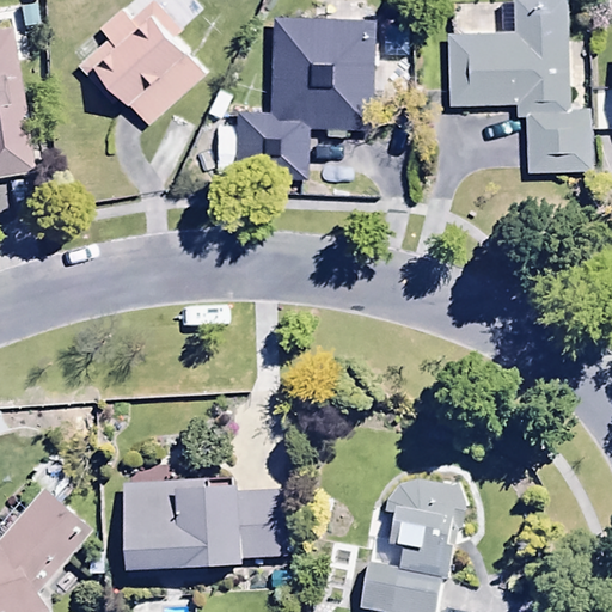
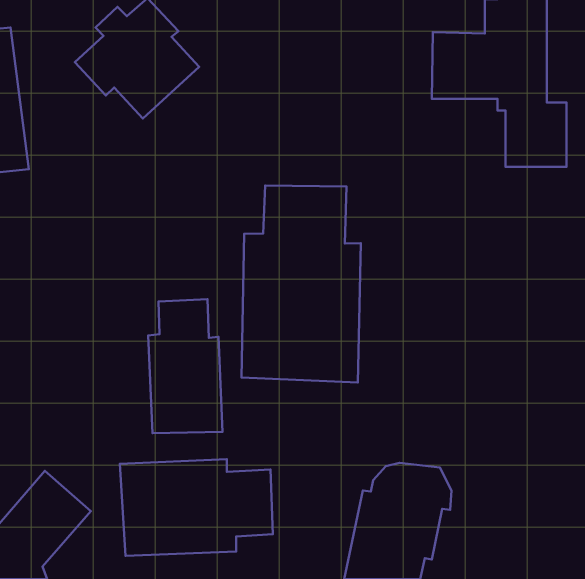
building: [237,14,373,176] -> none
building: none -> [241,185,361,382]
building: none -> [148,299,223,433]

